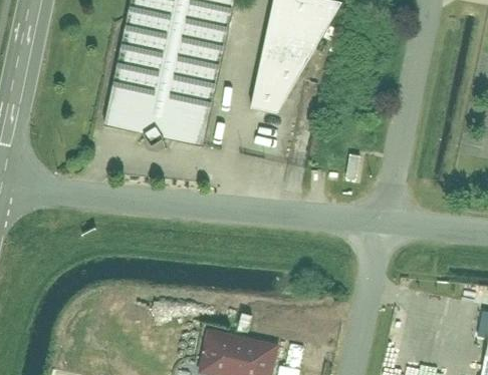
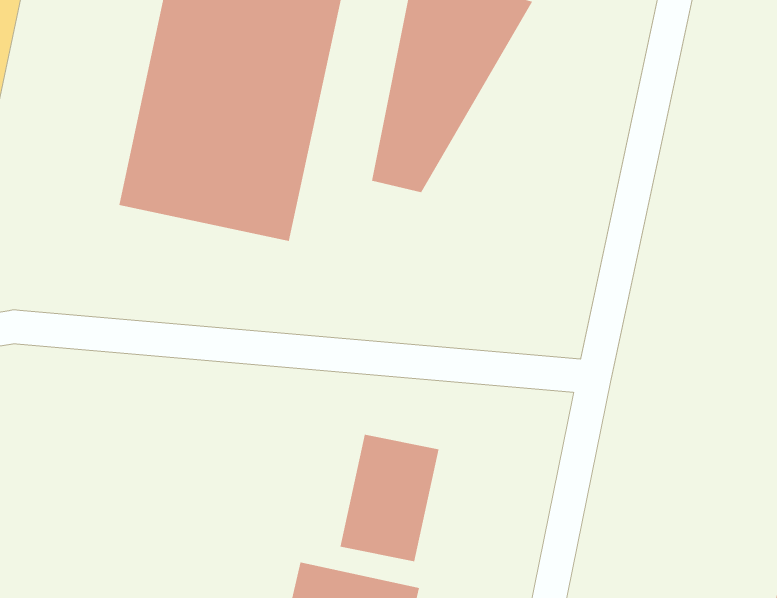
building: none -> [340,434,439,562]

